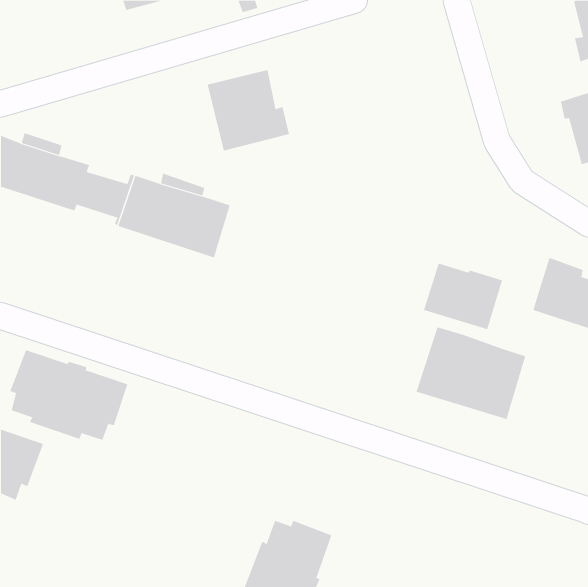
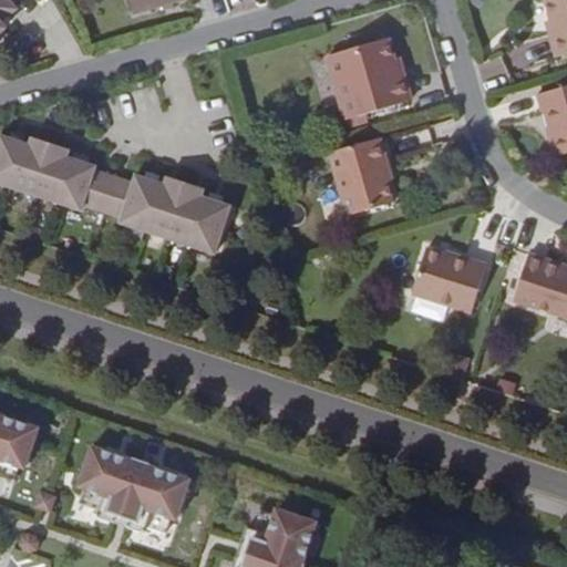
building: [207,69,290,151] -> [326,41,405,120]
building: none -> [319,137,384,214]
building: [416,326,526,420] -> none
building: [10,350,128,441] -> [81,442,195,529]

